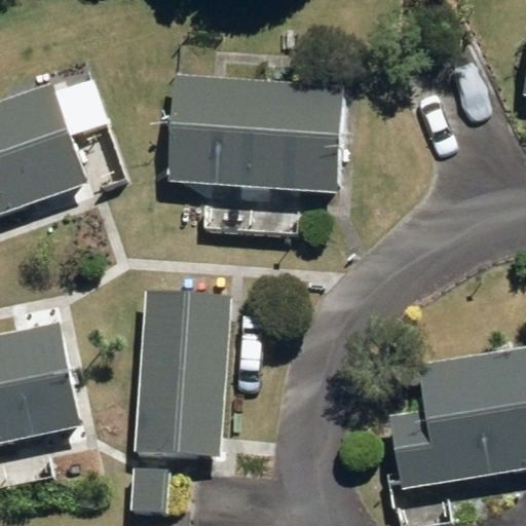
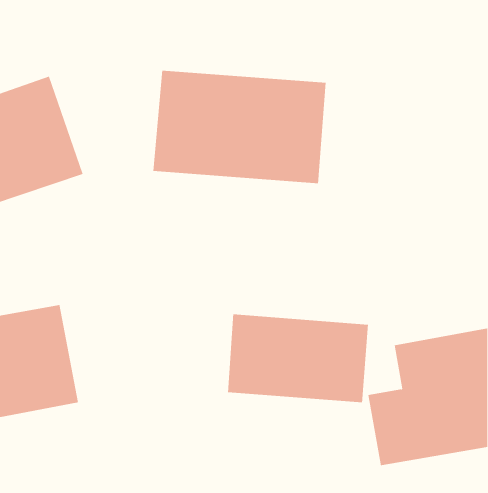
building: [134,292,234,457] -> none
building: none -> [227,313,368,403]

